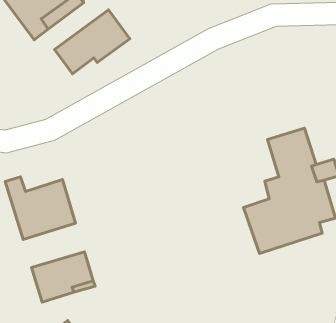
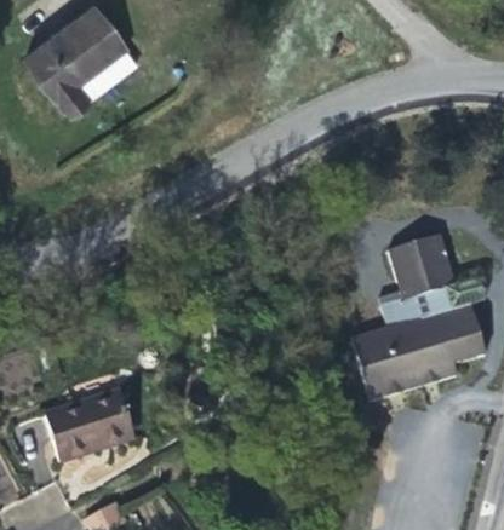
building: [54,10,130,74] -> none
building: [5,177,75,239] -> none

